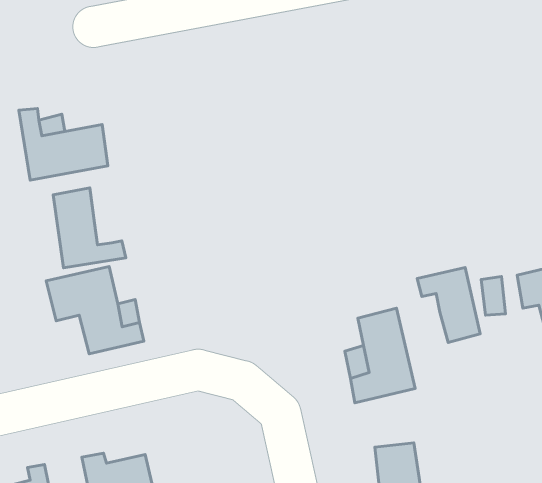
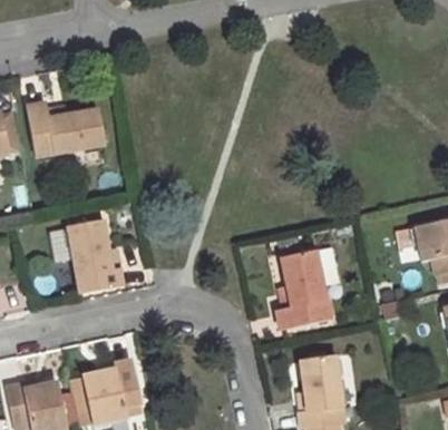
building: [53,188,126,268] -> none
building: [417,267,480,343] -> none

